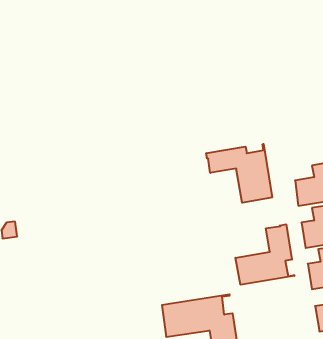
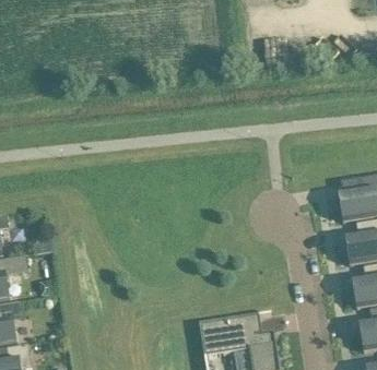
building: [206,144,272,203] -> none
building: [235,224,294,285] -> none

